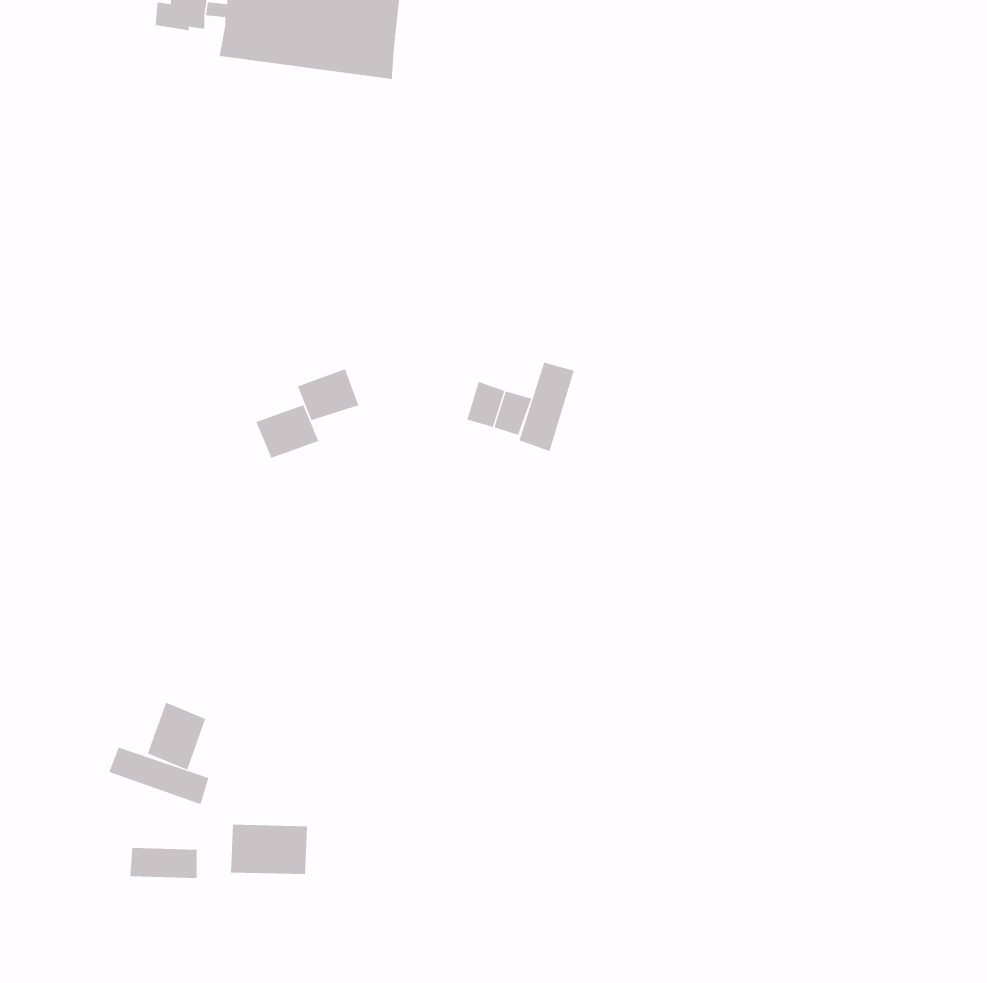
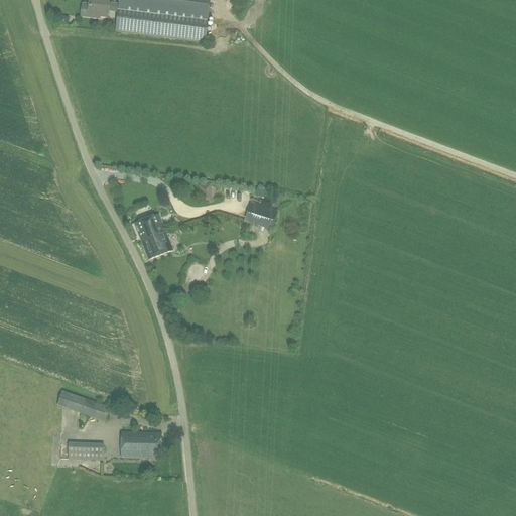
building: [519,362,574,452] -> none
building: [297,369,359,421] -> [141,230,173,257]
building: [147,702,206,771] -> none

